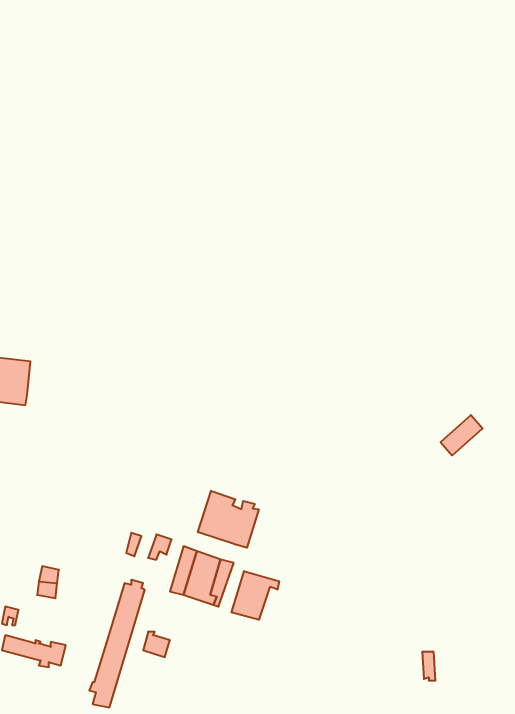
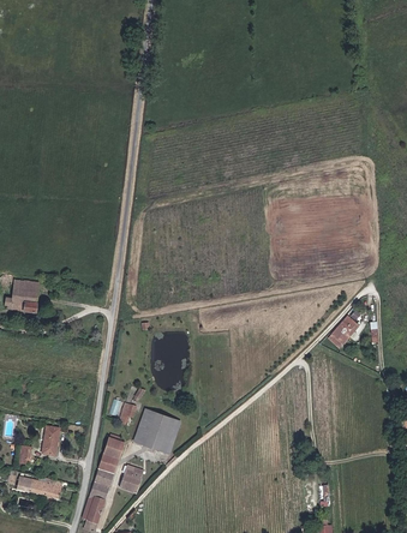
building: [198,491,259,548] -> none
building: [231,571,279,620] -> none

